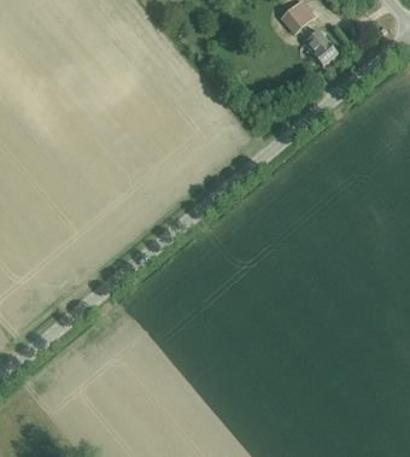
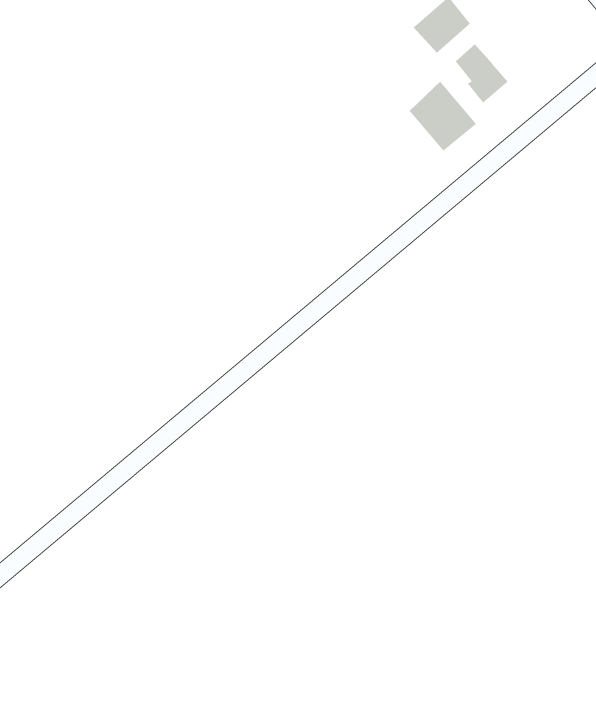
building: none -> [409,81,477,151]

